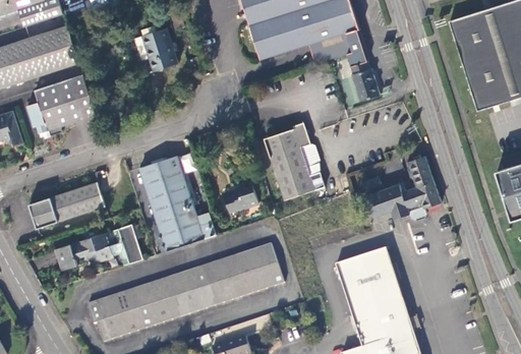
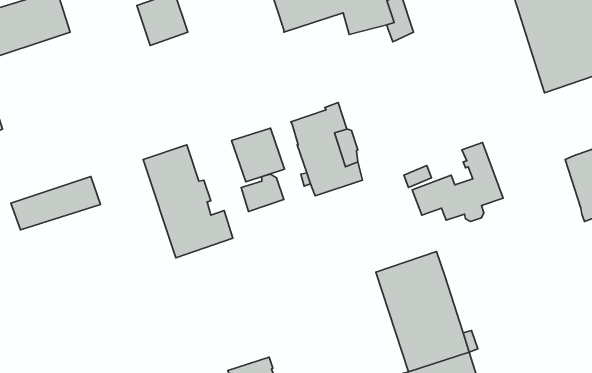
building: [349,61,379,103] -> none
building: [25,73,96,137] -> none
building: none -> [232,128,284,182]
building: [54,225,142,271] -> none
building: [86,241,284,341] -> none

